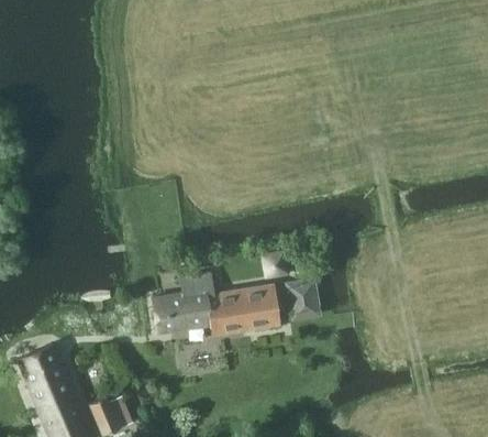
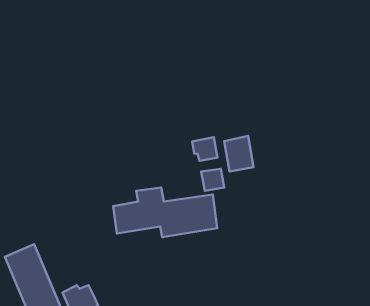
building: none -> [192,137,218,161]
building: [285,276,321,320] -> [224,136,253,172]

